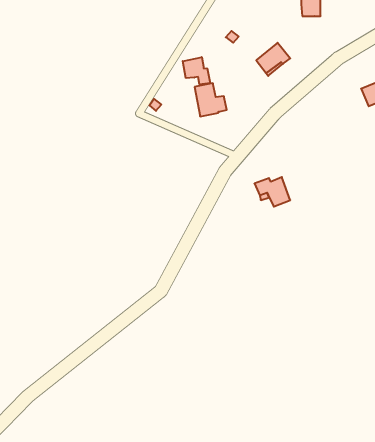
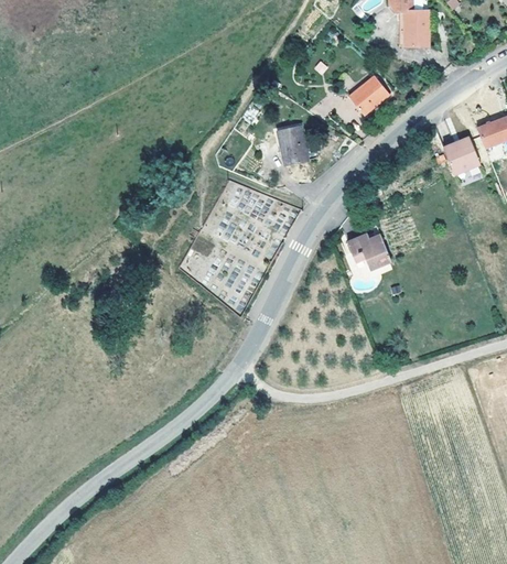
building: [183,57,210,84] -> none
building: none -> [442,138,478,175]

